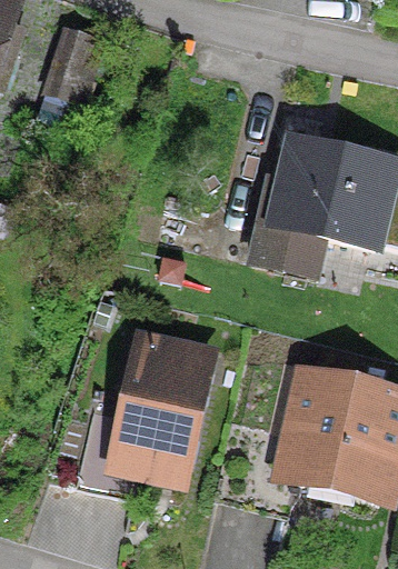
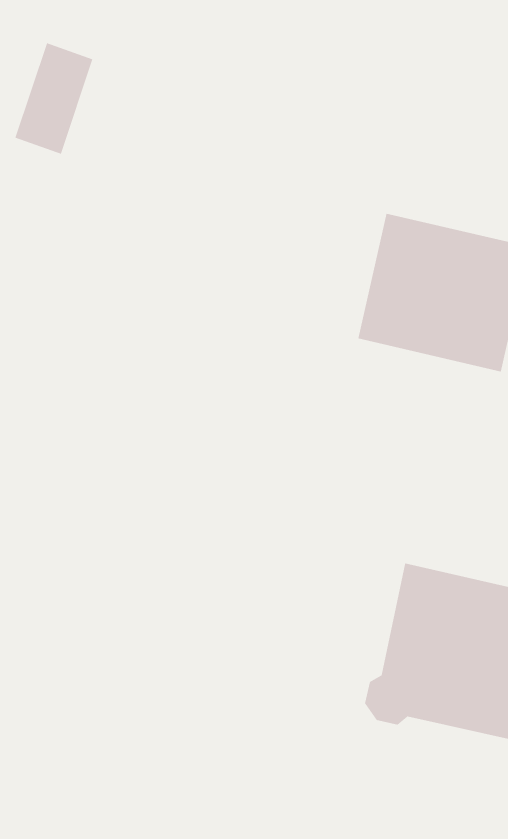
building: [108,340,207,481] -> none

